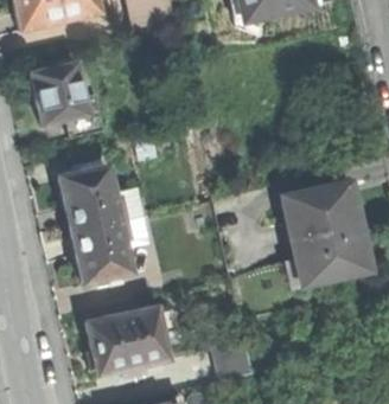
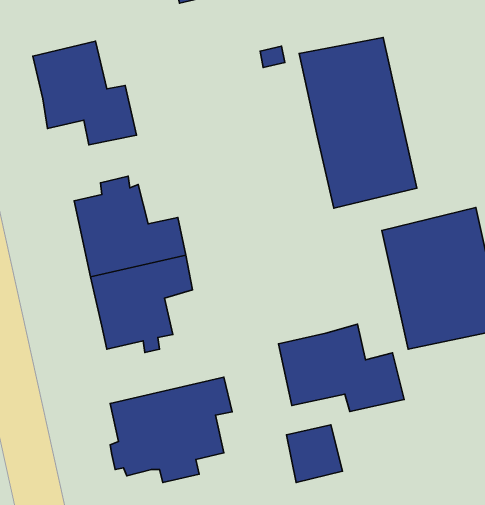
building: none -> [299,38,417,208]
building: none -> [278,324,404,412]

